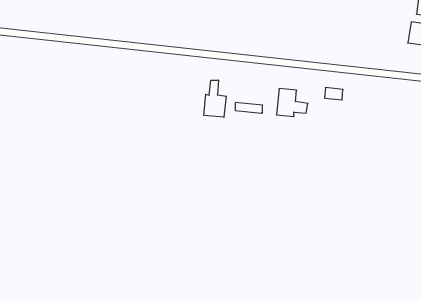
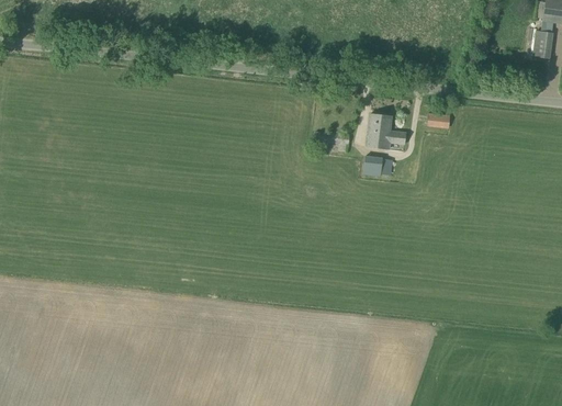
building: [204,80,226,117] -> none
building: none -> [362,156,393,177]

